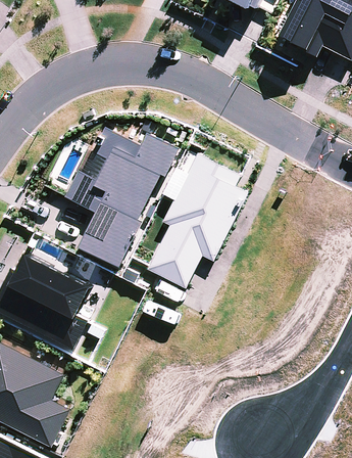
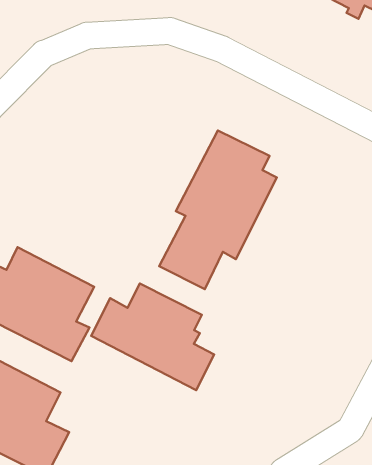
building: [64,126,180,266] -> none
building: none -> [91,284,214,390]

